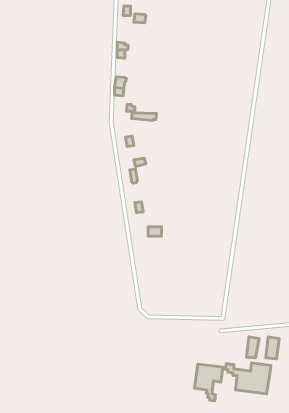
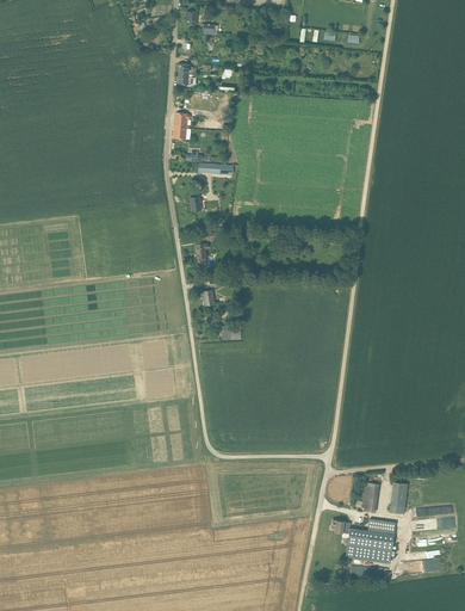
building: [194,364,223,401] -> none

